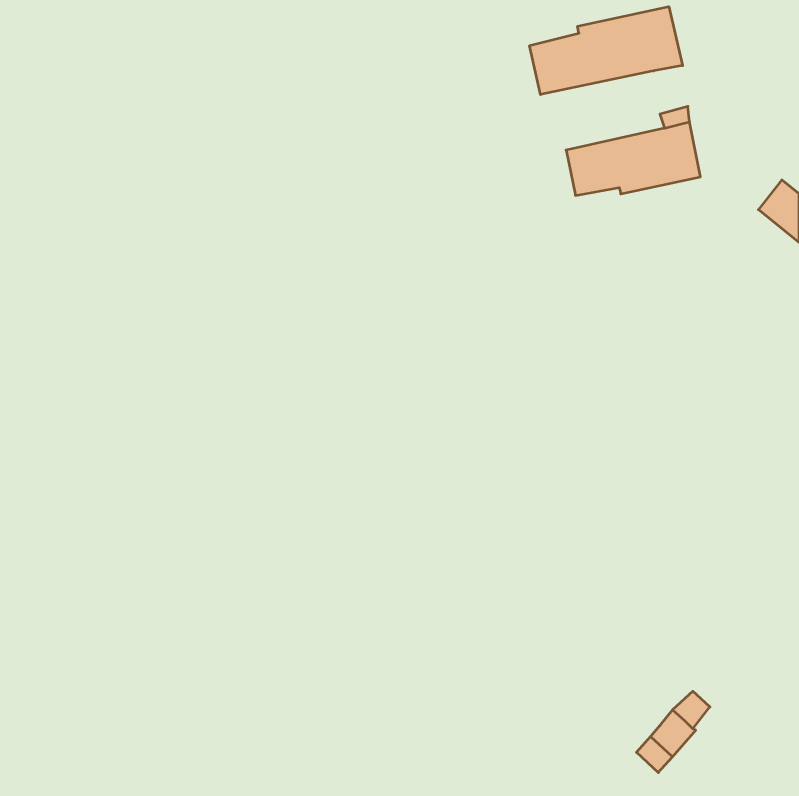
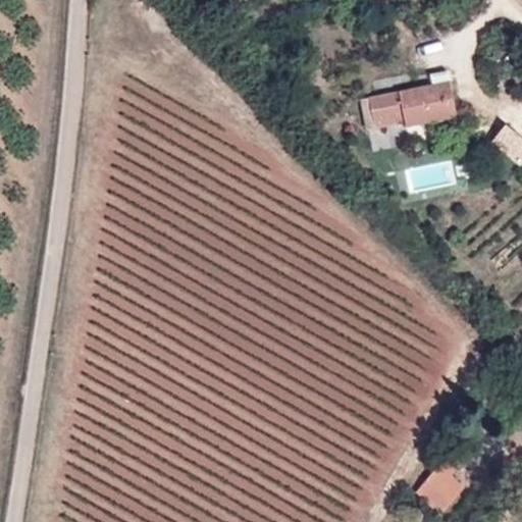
building: [530,7,683,95] -> none

